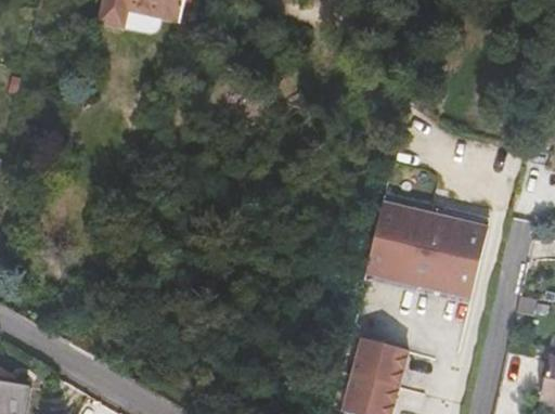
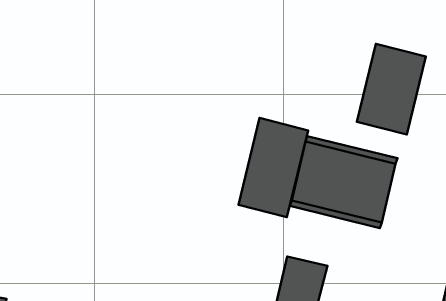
building: none -> [357,44,426,135]
building: none -> [238,118,308,217]

